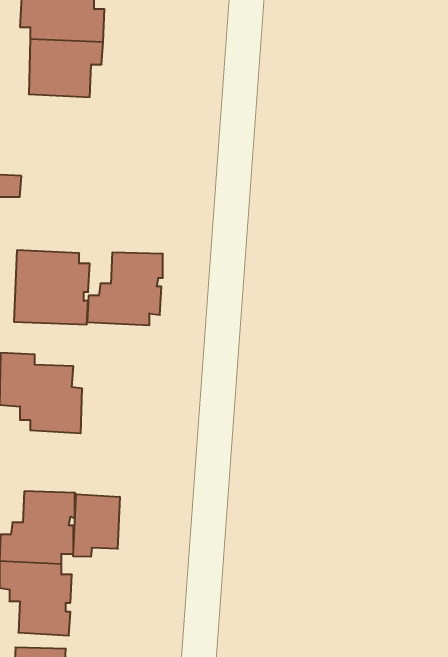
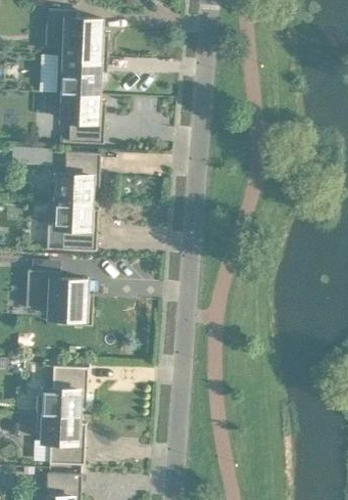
building: none -> [53,92,103,143]
building: [87,252,163,325] -> [46,151,98,201]
building: [73,494,120,557] -> none

